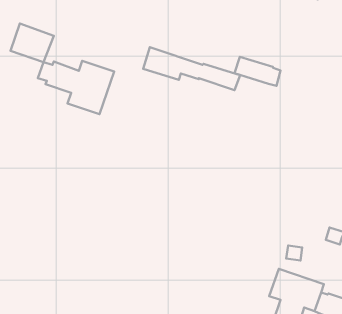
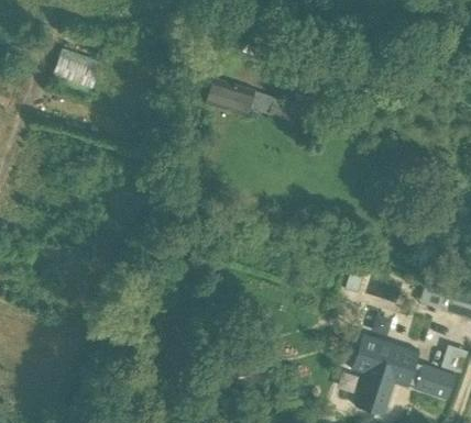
building: [234,57,281,86] -> none
building: [38,61,114,114] -> none

